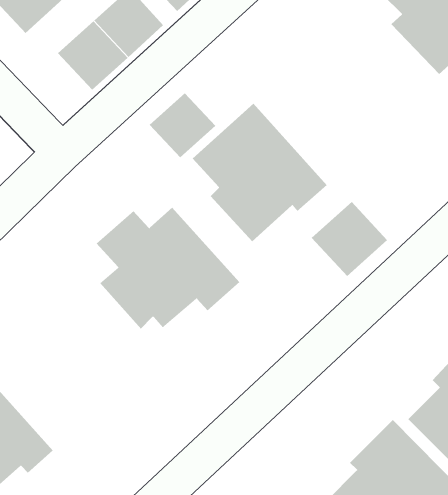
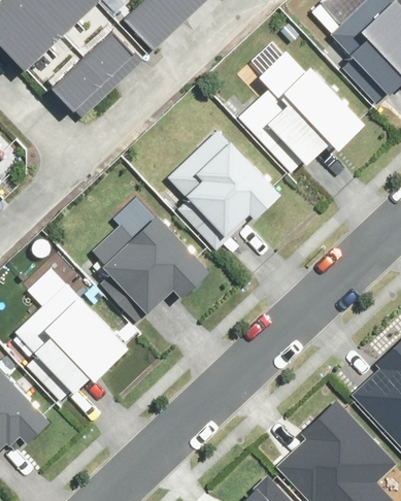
building: none -> [236,49,368,179]
building: [149,92,216,158] -> none
building: [311,201,388,277] -> none
building: none -> [14,286,131,400]

